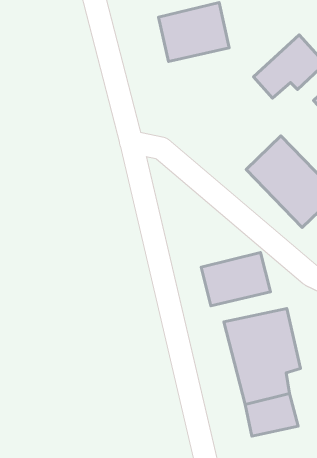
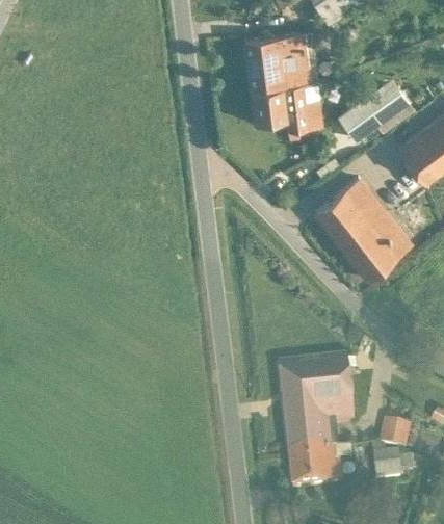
building: none -> [251,81,321,130]
building: [201,253,270,306] -> none

